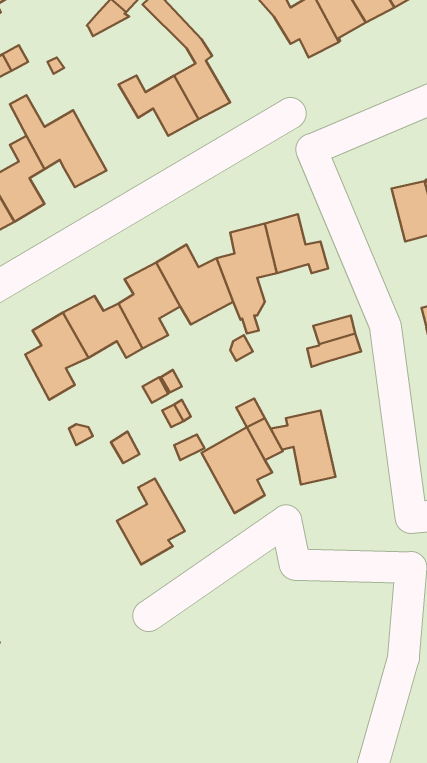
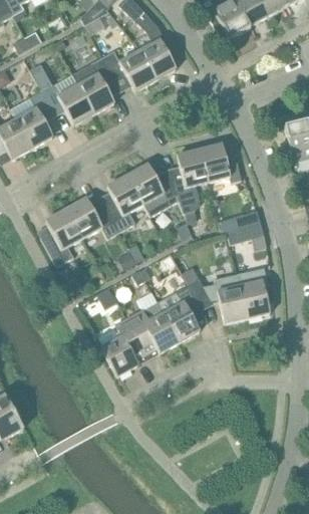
building: none -> [72,56,118,113]
building: none -> [237,267,270,317]
building: none -> [126,301,180,353]

